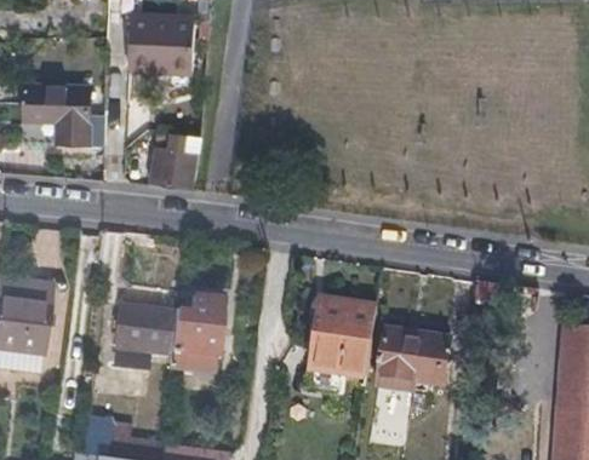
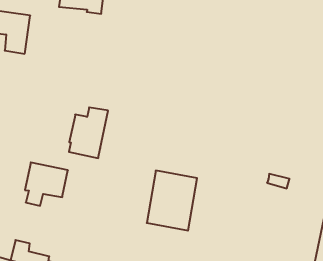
building: [154,146,199,188] -> none
building: [171,294,223,368] -> [69,107,108,158]
building: [377,329,448,392] -> none

